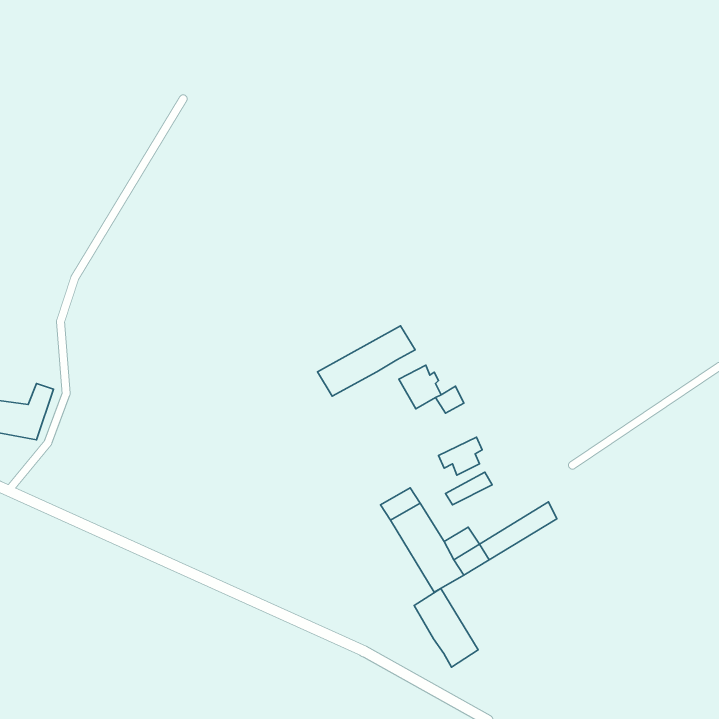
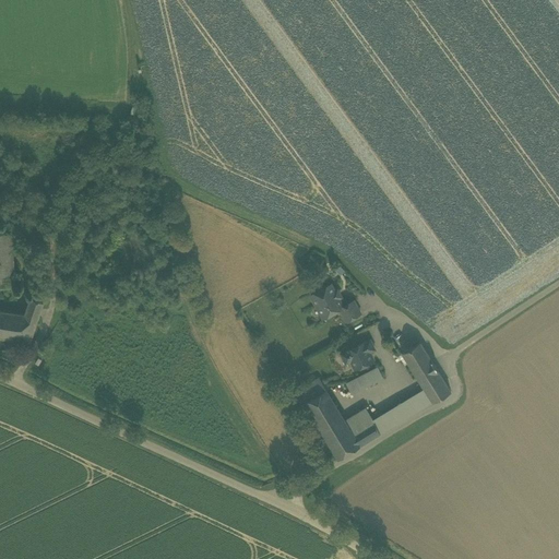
building: [318,326,415,396] -> none
building: none -> [401,342,450,403]
building: [414,588,478,667] -> none

